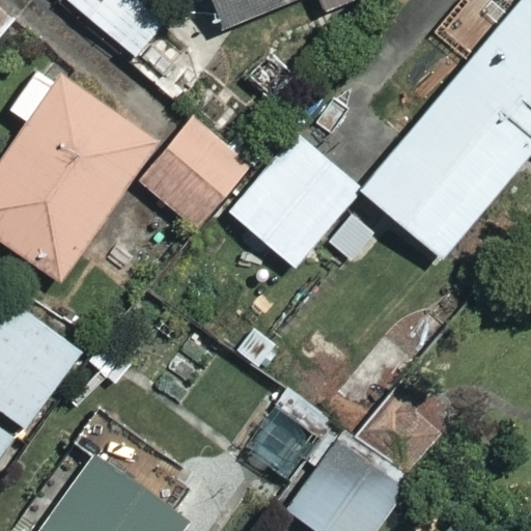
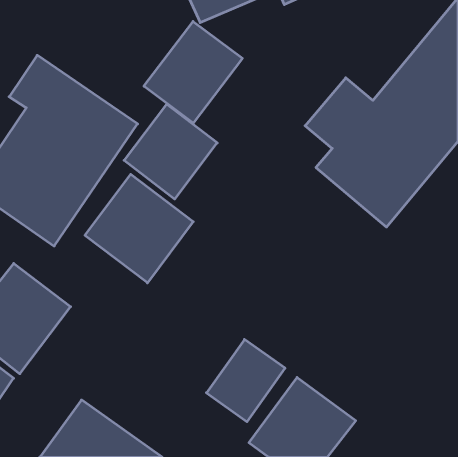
building: none -> [144,21,242,123]
building: [229,133,376,268] -> none
building: none -> [85,174,193,283]

